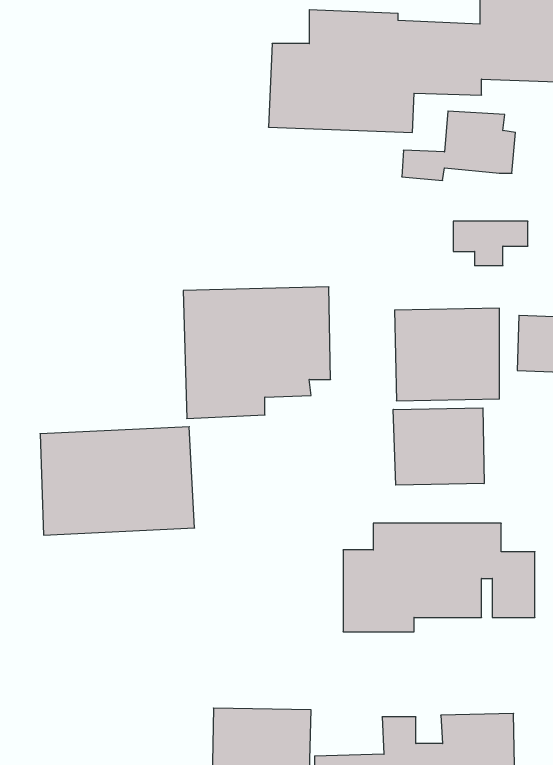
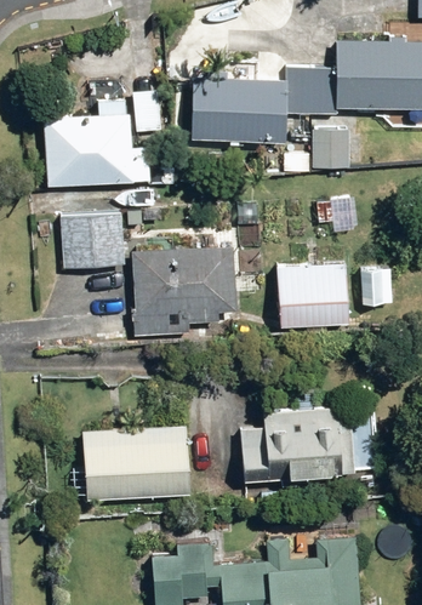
building: none -> [46,101,152,186]
building: none -> [62,213,125,268]
building: [393,408,484,485] -> none
building: [40,427,195,535] -> [85,427,190,501]

